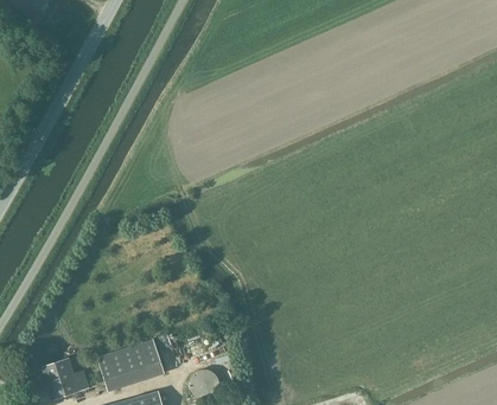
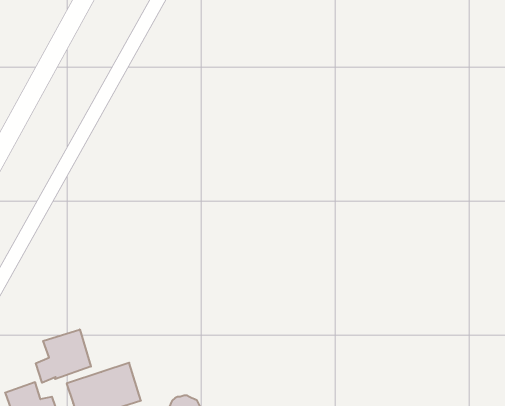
building: none -> [36,329,91,383]

